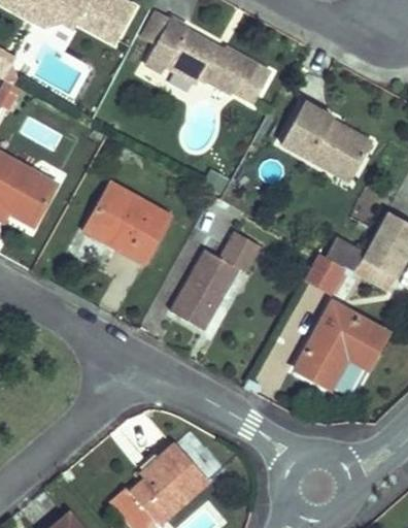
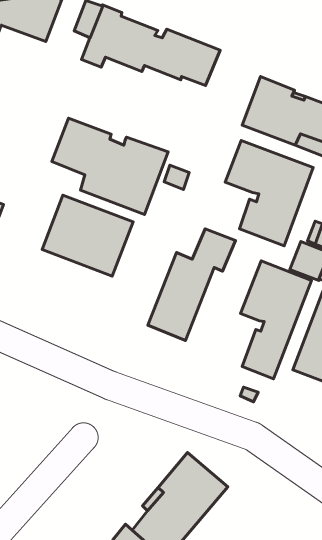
building: none -> [52,118,168,215]
building: none -> [225,140,313,246]
building: none -> [240,261,312,379]

